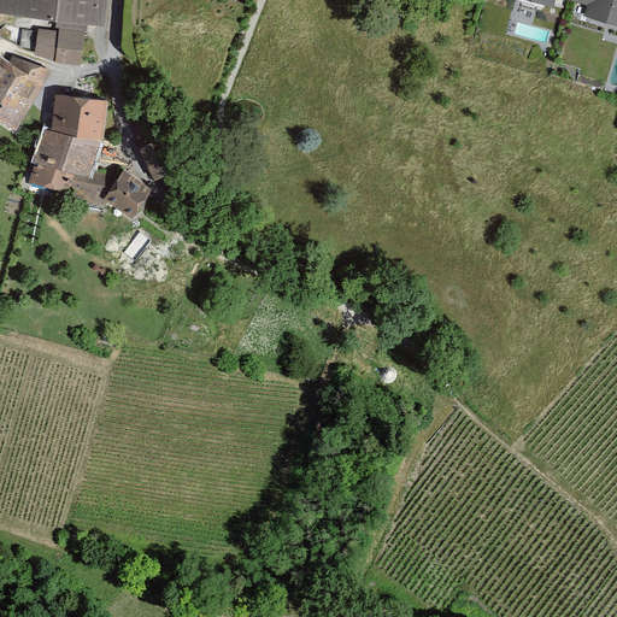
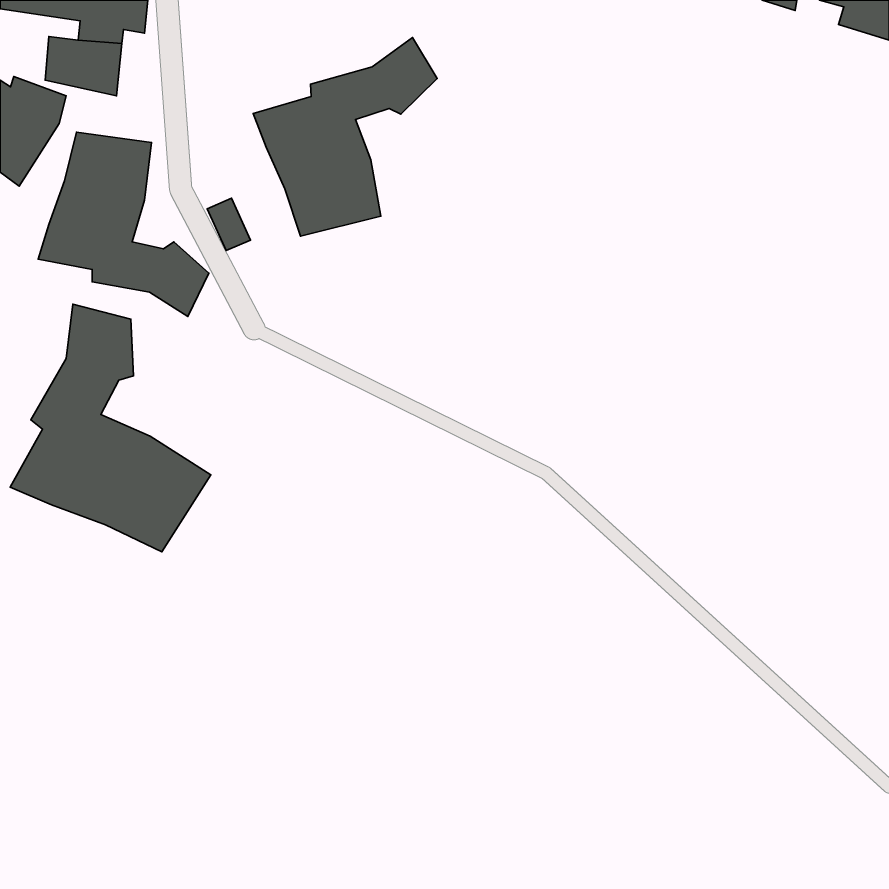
building: none -> [253,38,437,236]
building: none -> [10,304,211,552]

